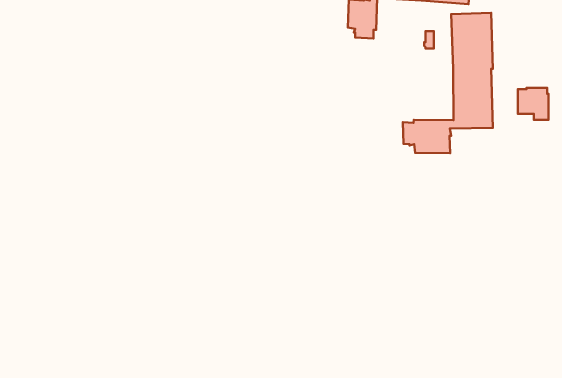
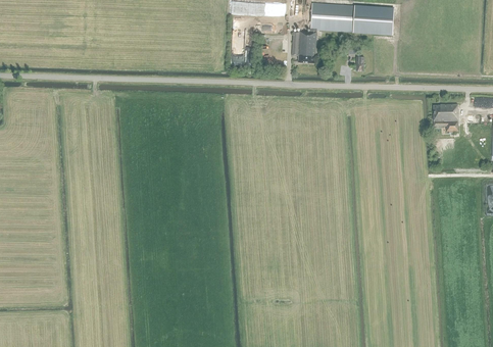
building: [403,13,493,153] -> none

